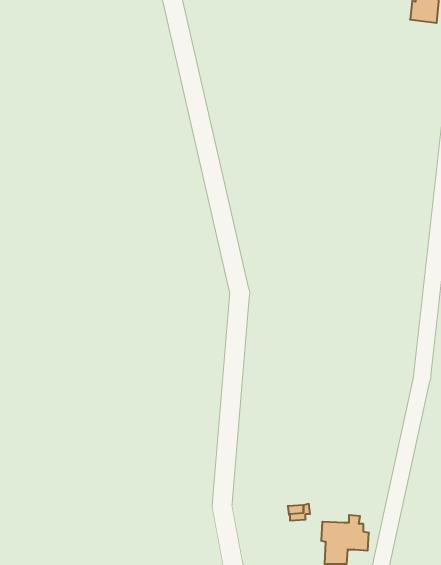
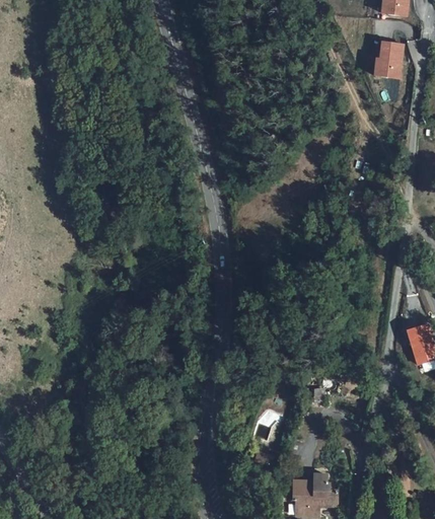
building: none -> [370,47,398,83]

